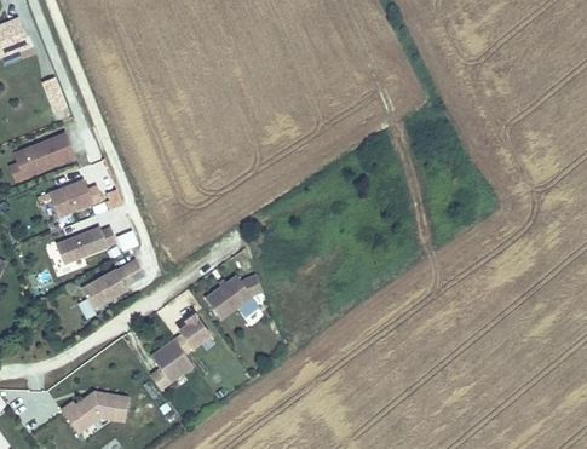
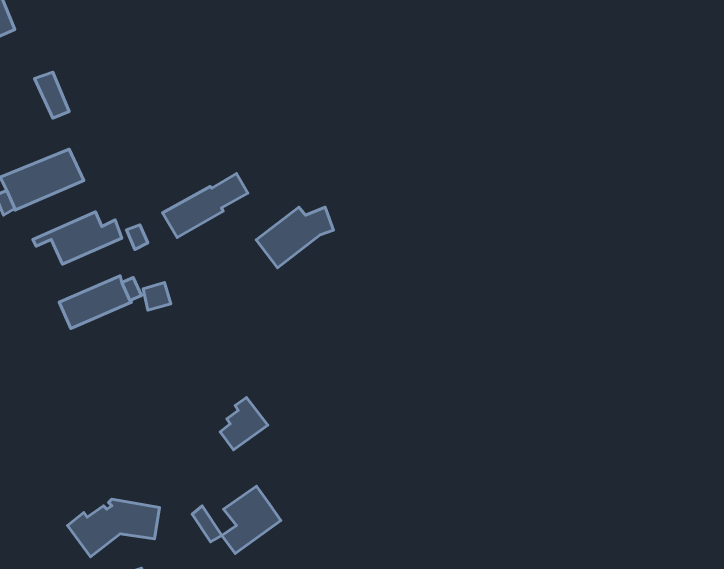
building: [84,259,146,306] -> [163,173,248,237]
building: [206,275,263,320] -> [256,207,333,268]
building: [149,340,192,390] -> [222,486,281,553]

